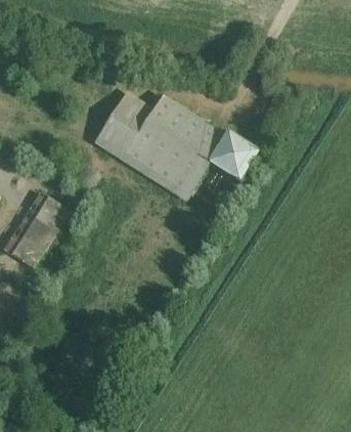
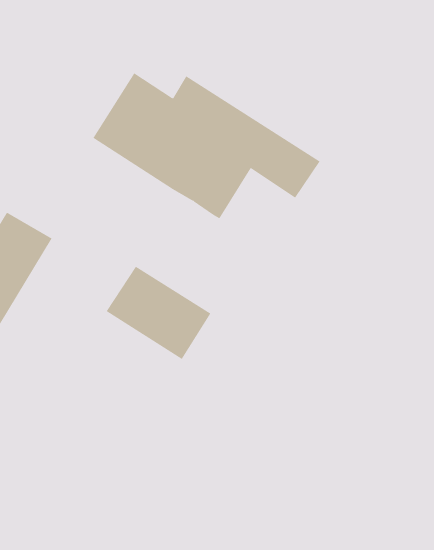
building: none -> [106,266,211,360]

